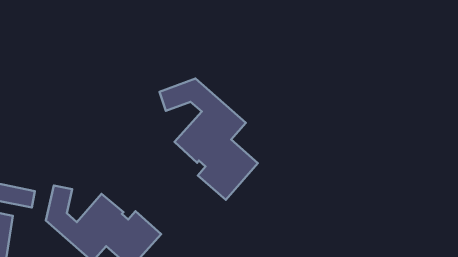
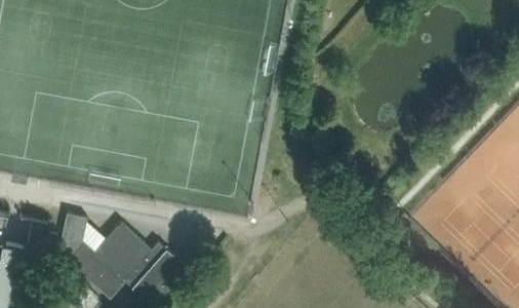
building: [159,78,258,200] -> none

